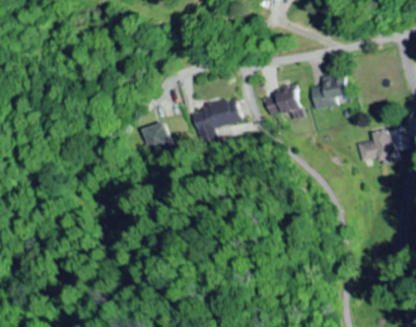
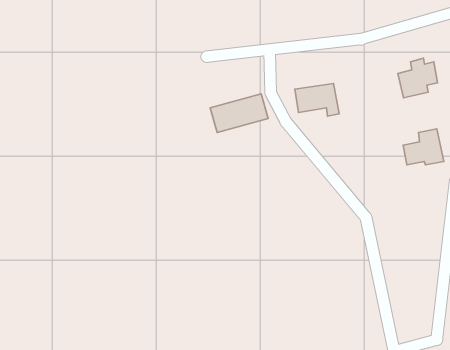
building: [311,75,346,110] -> [398,58,437,98]
building: [145,122,174,150] -> none

